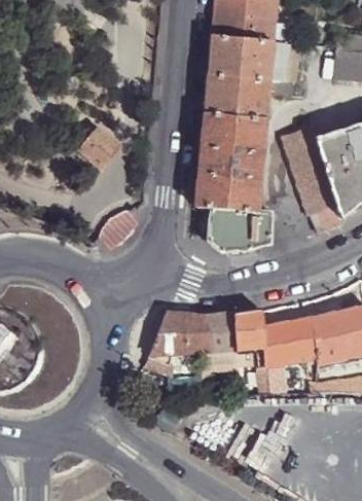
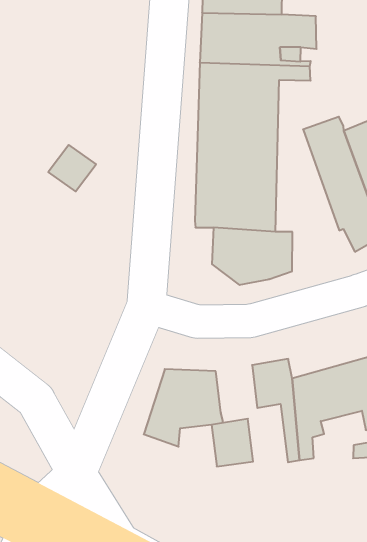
building: [205,314,236,350] -> [212,419,253,466]

